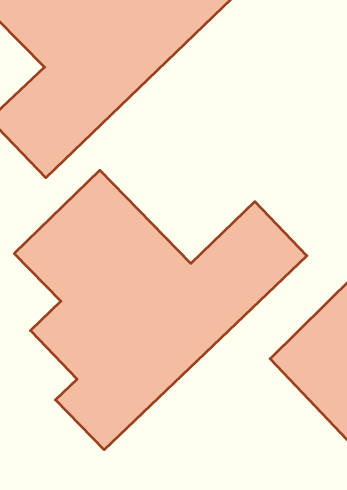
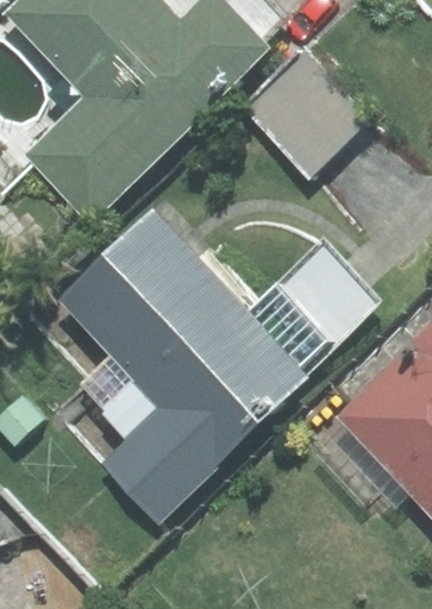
building: none -> [244,51,371,178]

